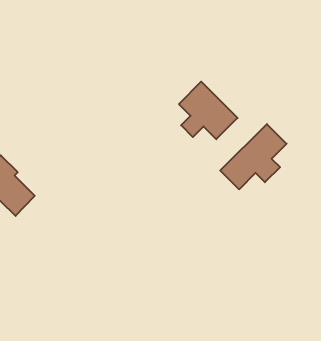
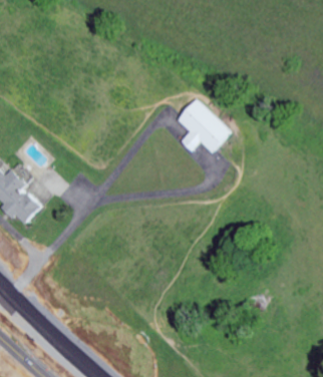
building: [220,124,287,189] -> none

